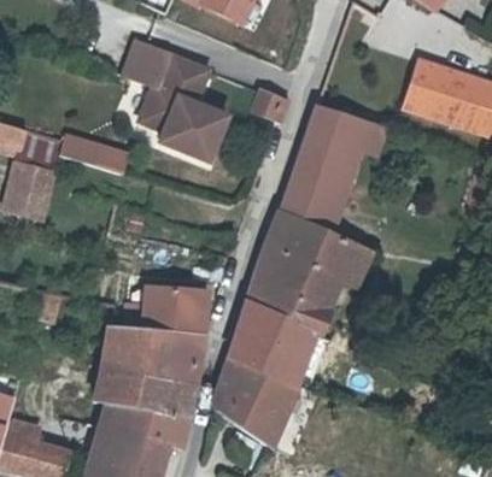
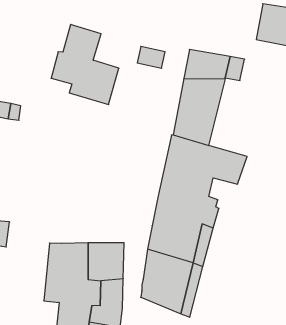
building: [121,36,172,87] -> none
building: [123,289,207,340] -> none

